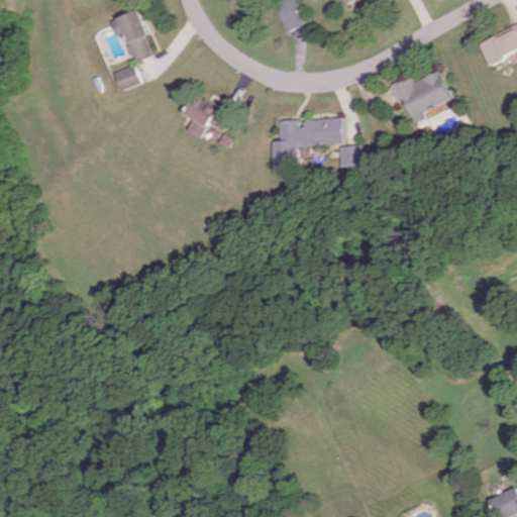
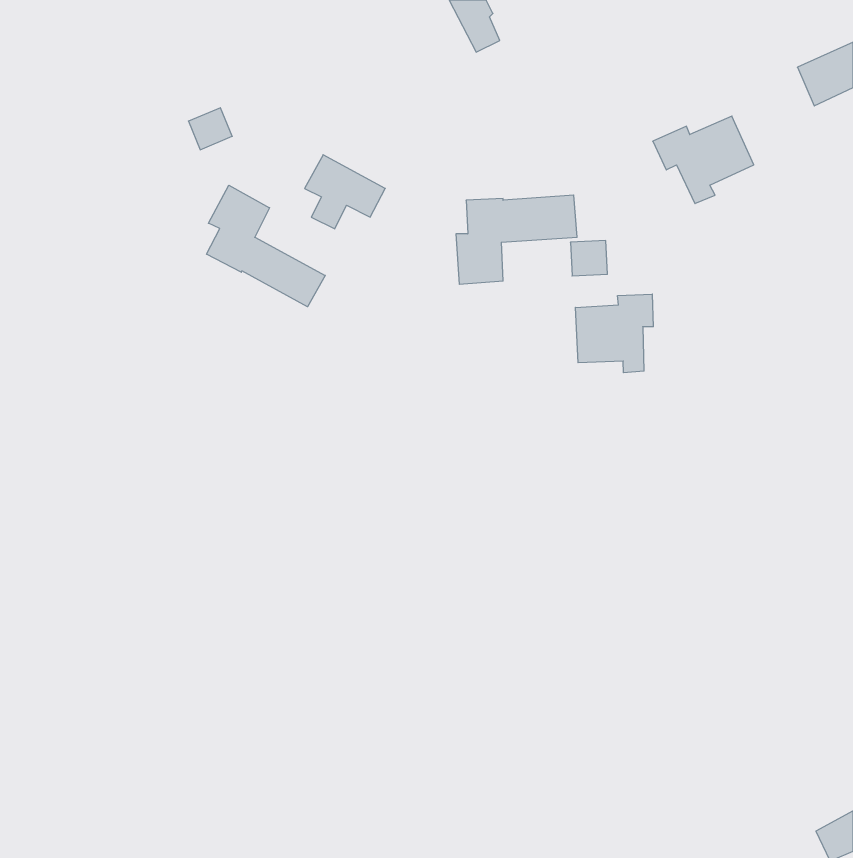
building: [110,10,149,62] -> none
building: none -> [207,185,325,307]
building: none -> [575,294,653,373]

